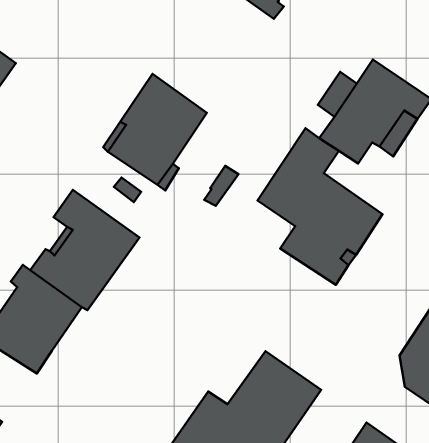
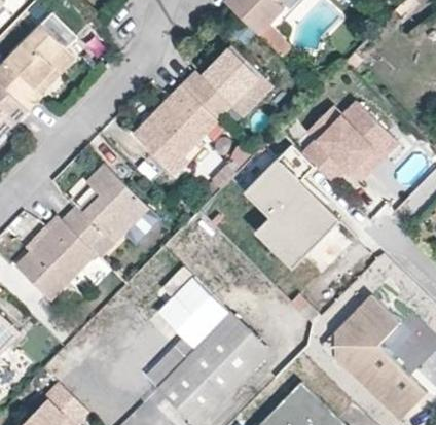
building: none -> [180,43,274,120]
building: none -> [156,264,231,348]

